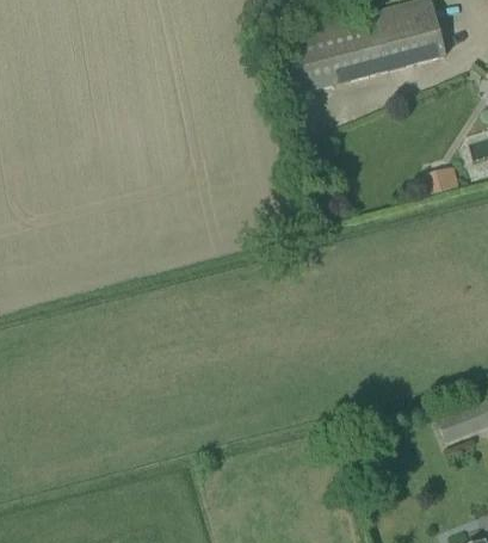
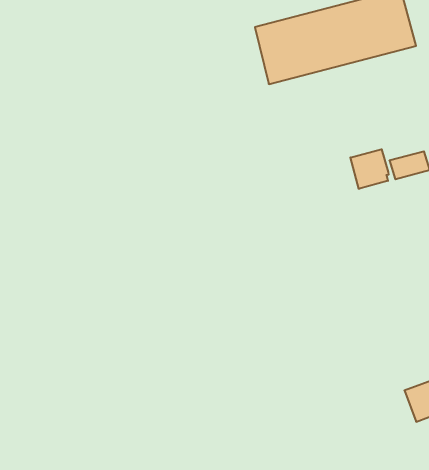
building: none -> [350,149,389,189]

